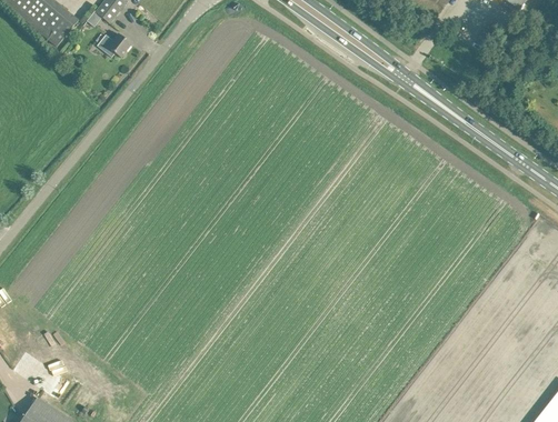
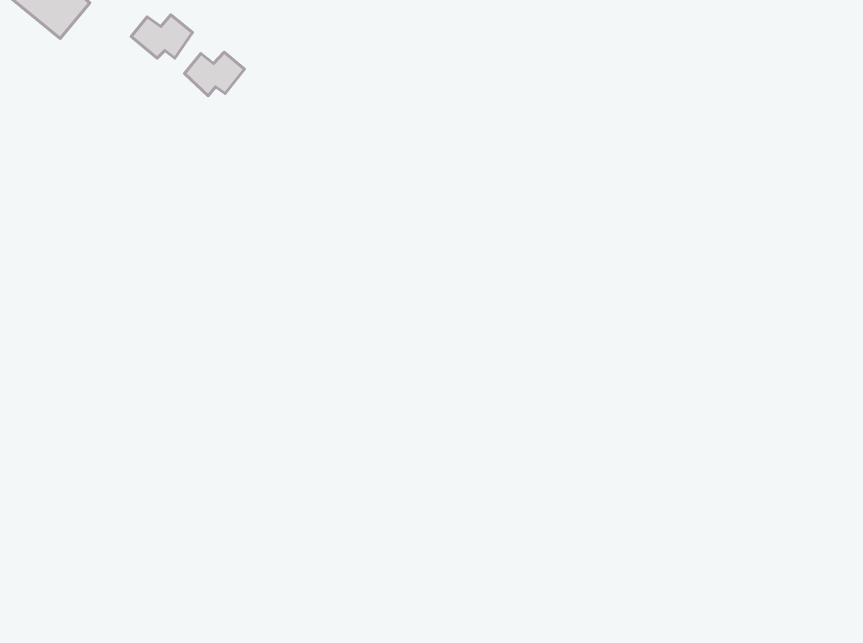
building: none -> [184,52,245,96]

